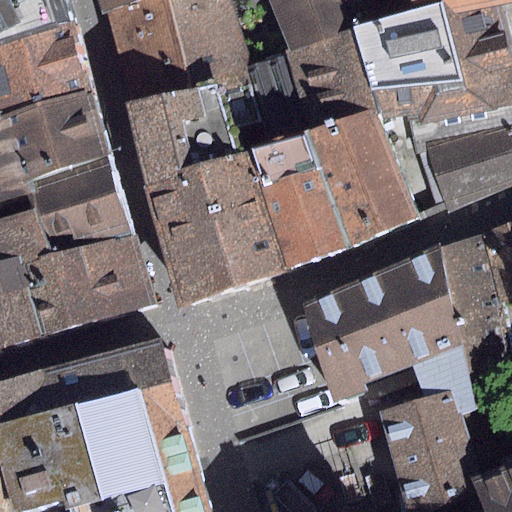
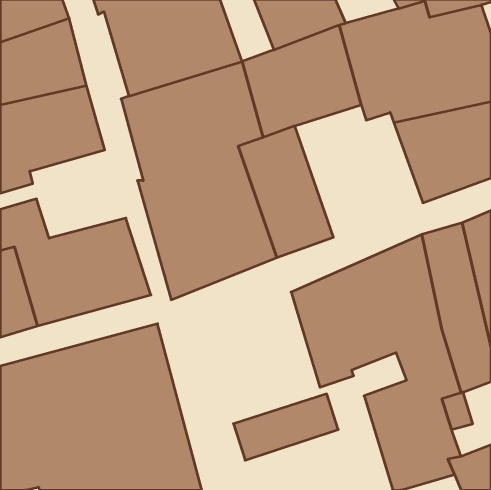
building: [307,109,440,247] -> none
building: [31,156,131,248] -> none

